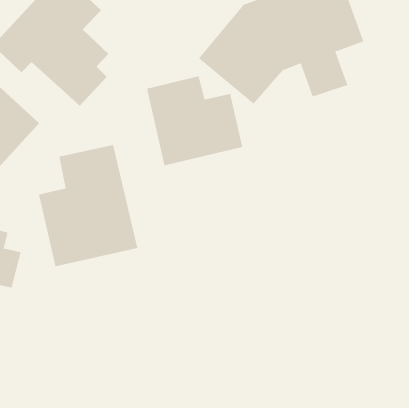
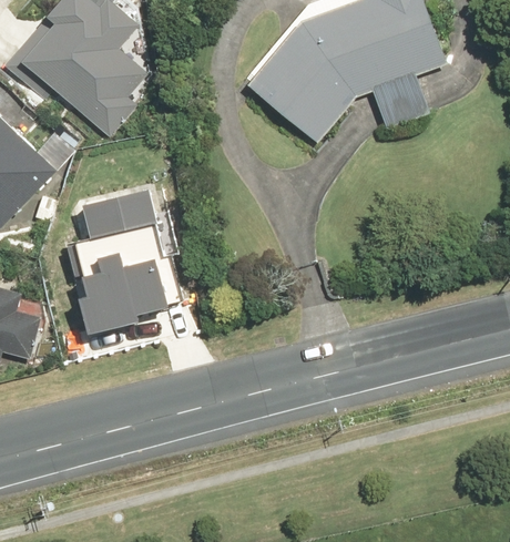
building: [146,75,243,166] -> none

